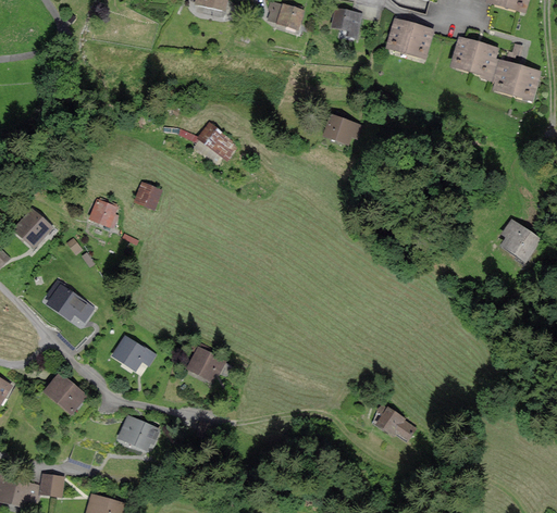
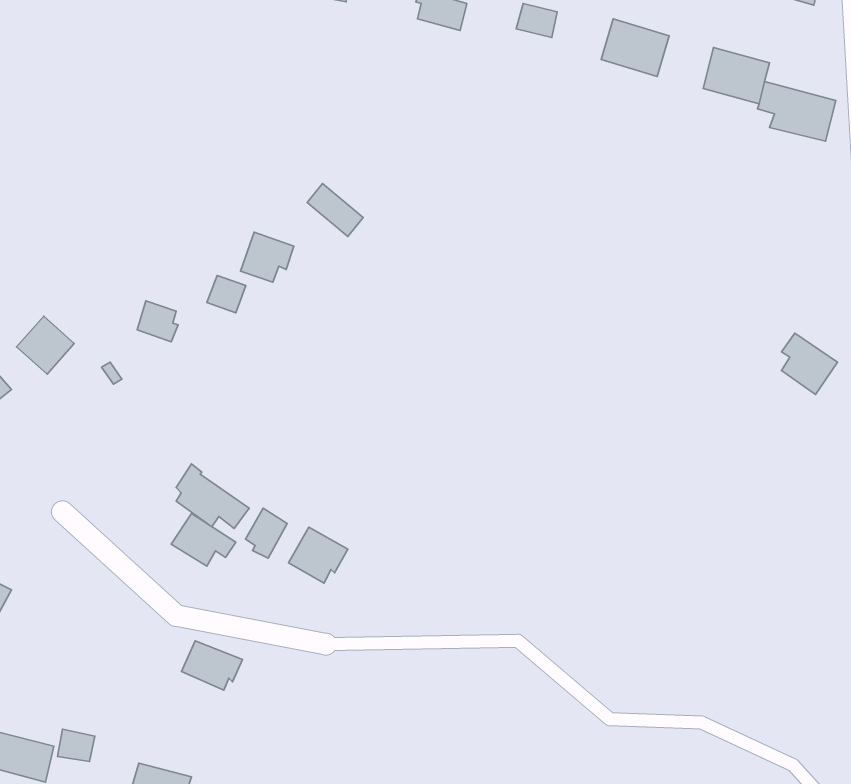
building: [324,115,360,142] -> none
building: none -> [240,232,294,282]
building: [47,279,94,321] -> [176,464,249,528]
building: none -> [245,508,287,558]
building: [45,374,85,413] -> none
building: [376,408,412,438] -> none

